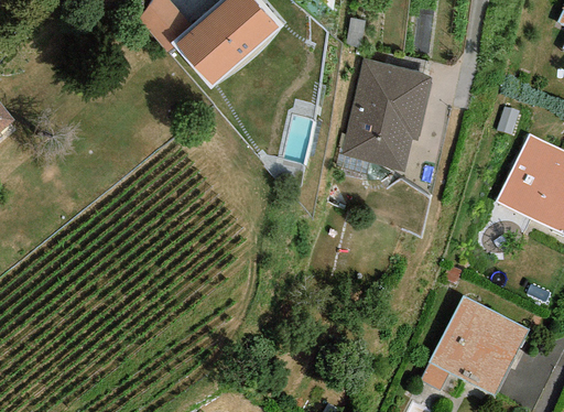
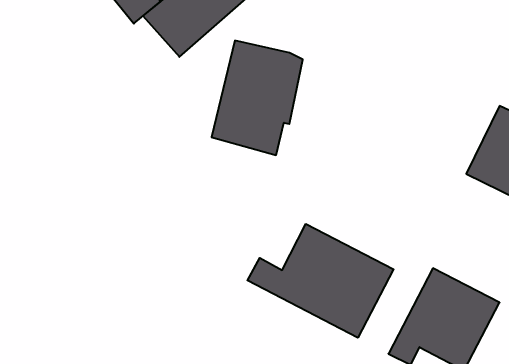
building: [341,57,432,171] -> [212,41,303,155]
building: none -> [247,224,394,338]

